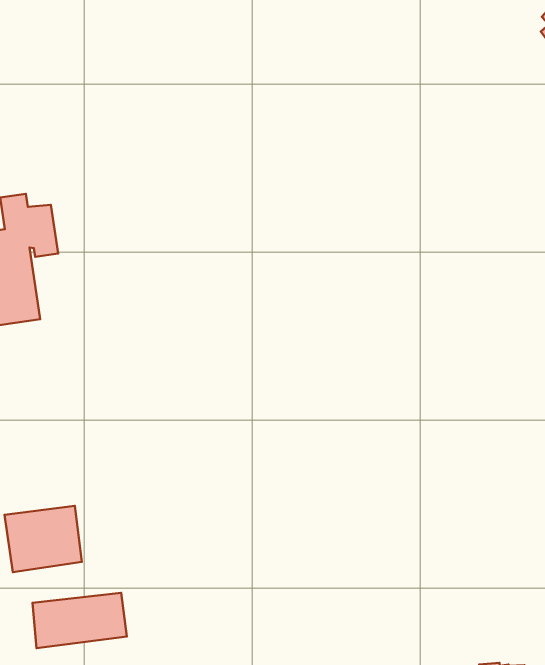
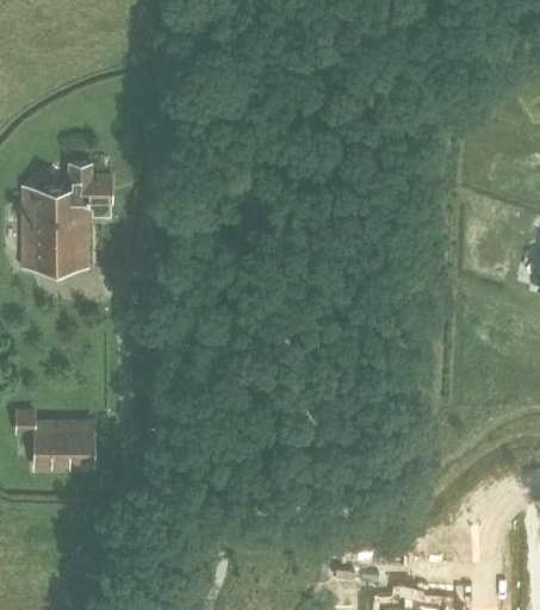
building: [32,593,127,648] -> none

